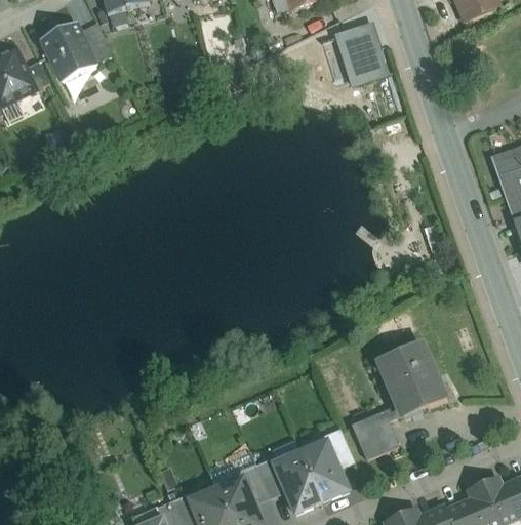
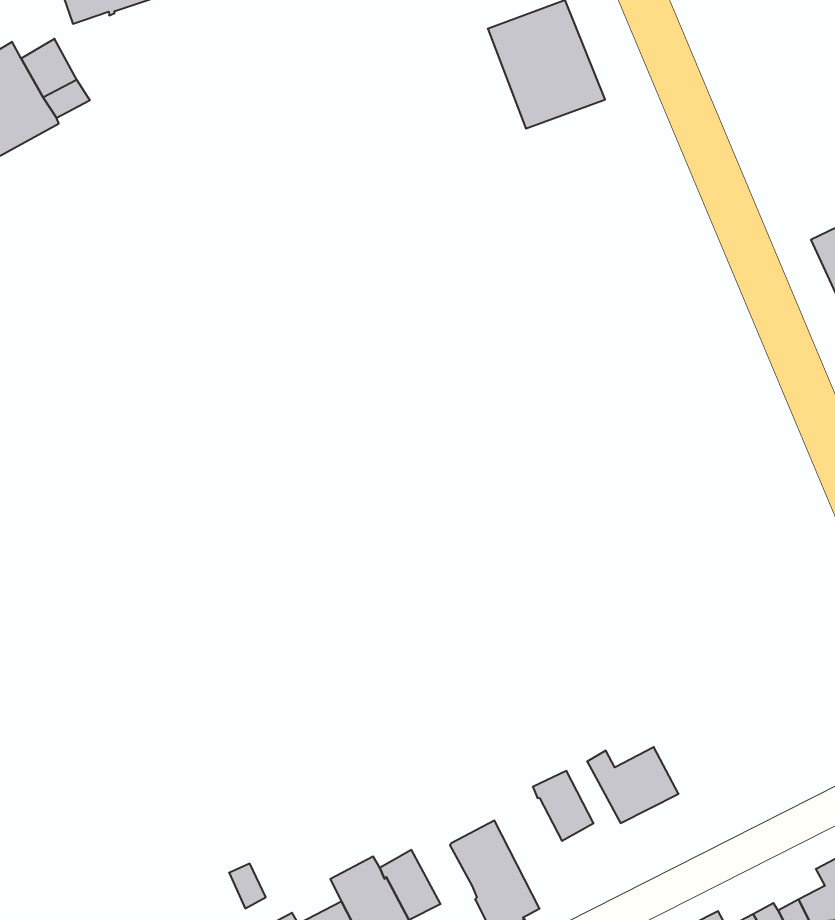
building: [386,346,444,416] -> none
building: [300,443,348,501] -> none
building: [255,458,286,495] -> none

